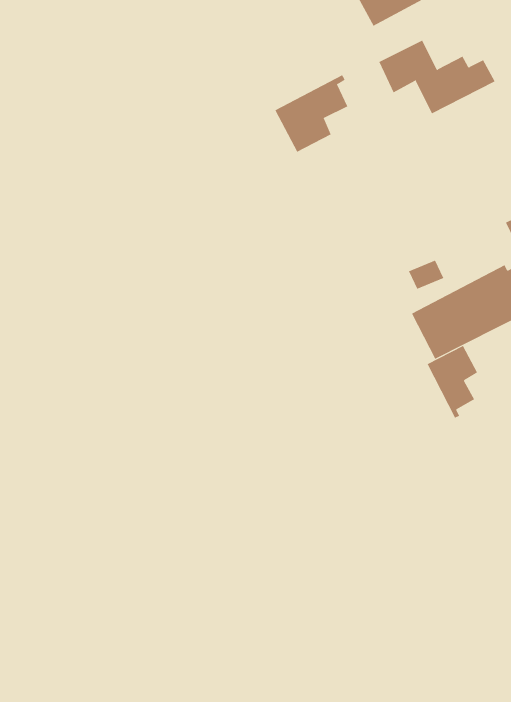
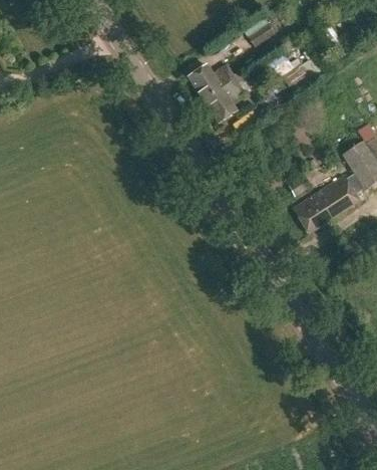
building: none -> [187,65,240,100]
building: [427,345,478,419] -> none

